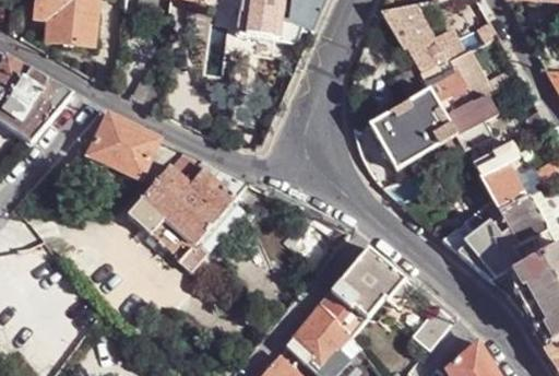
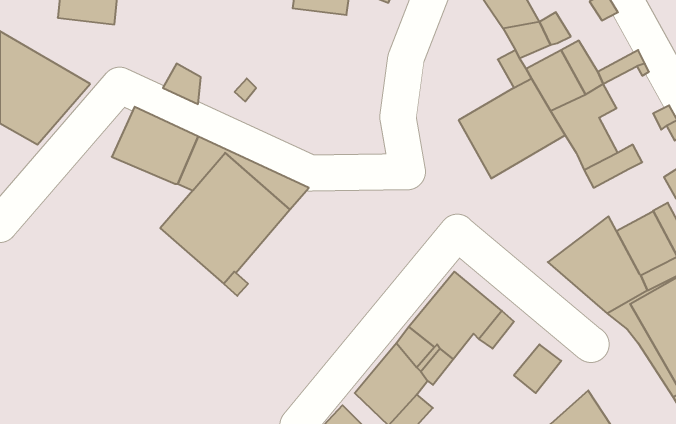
building: [480,162,527,212] -> none

